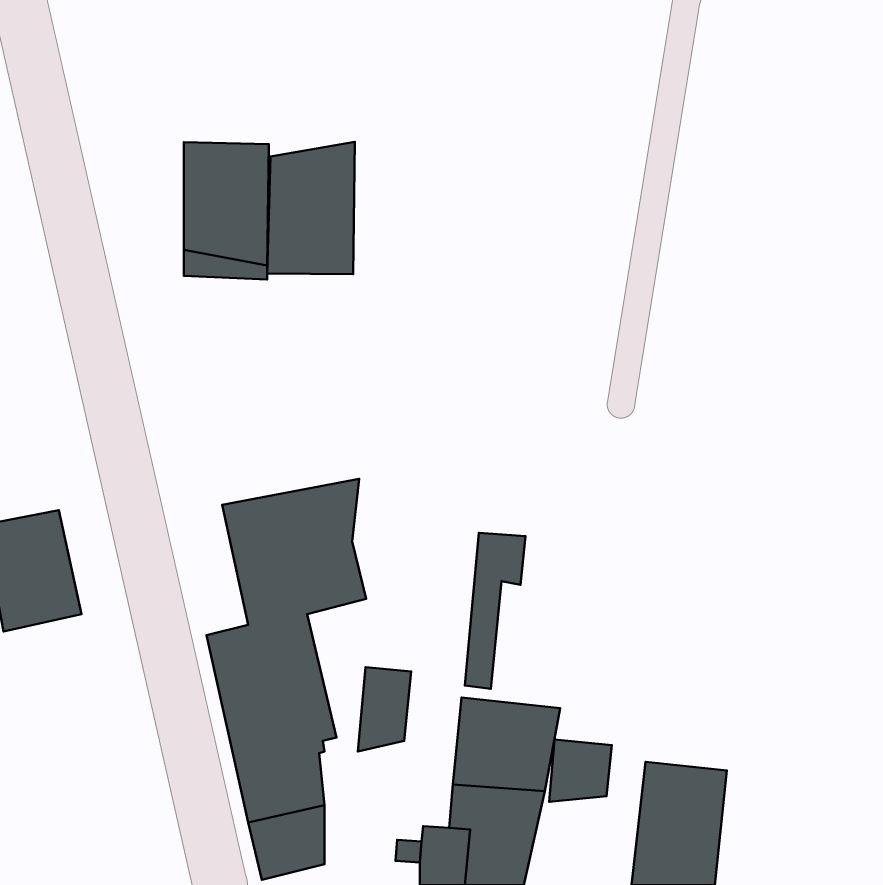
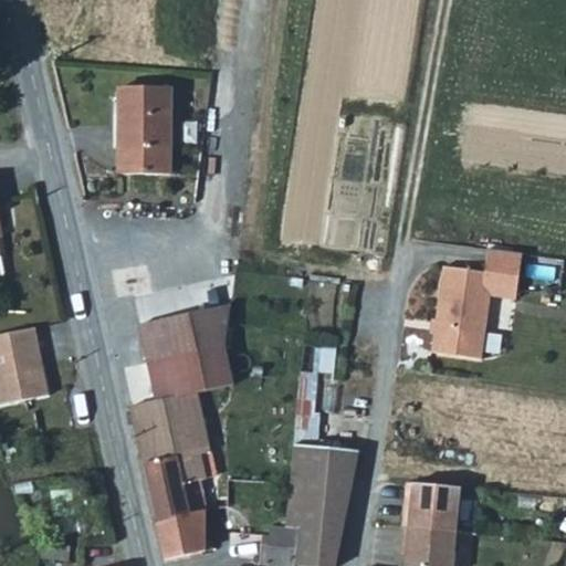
building: [267,142,355,274] -> none
building: none -> [429,249,521,359]
building: [358,667,411,751] -> none
building: [549,739,612,802] -> none

